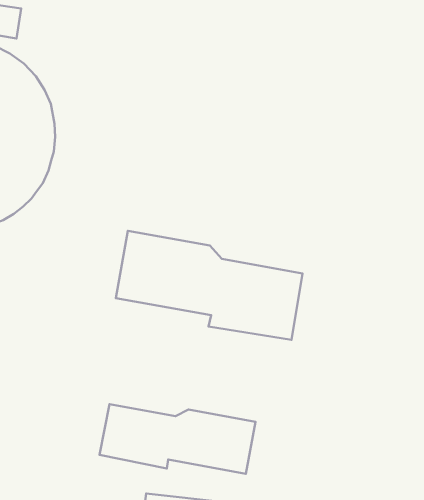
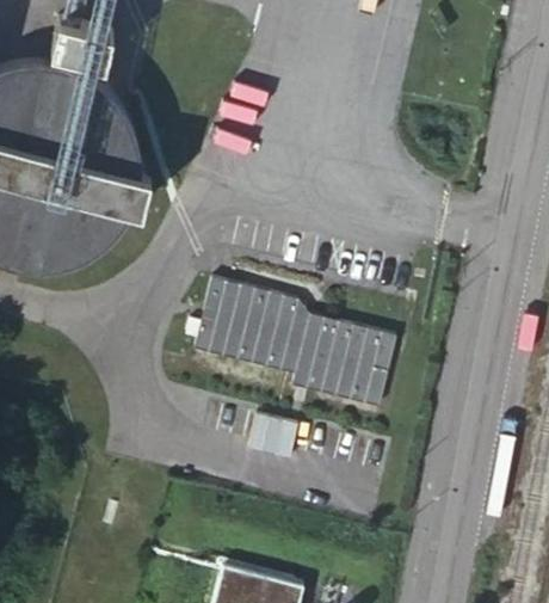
building: [100,404,255,474] -> none

